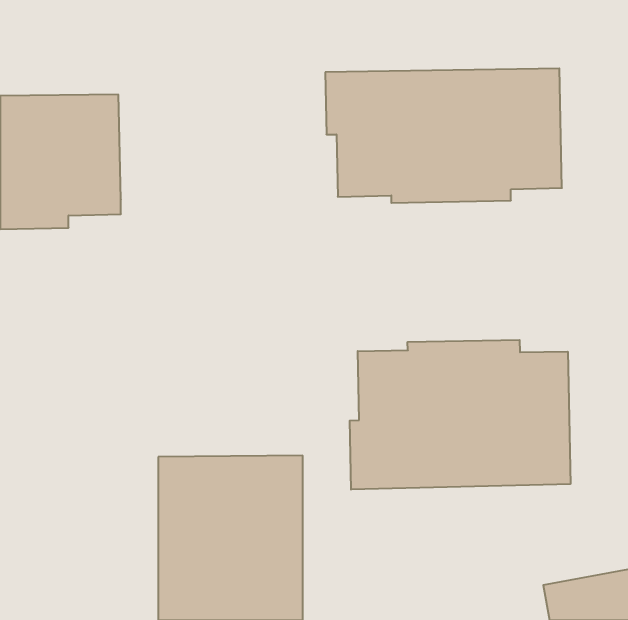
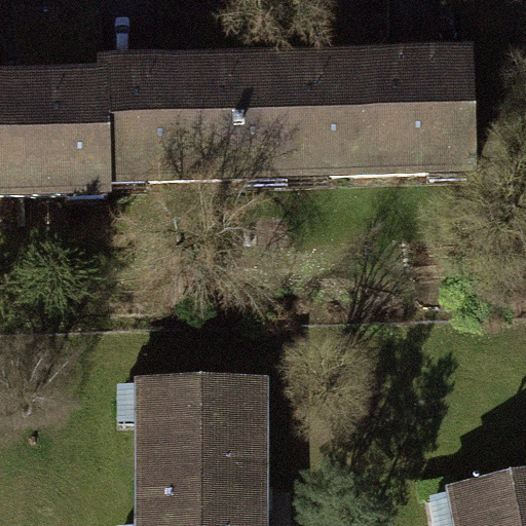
building: none -> [105,60,286,172]
building: [350,340,570,490] -> none

